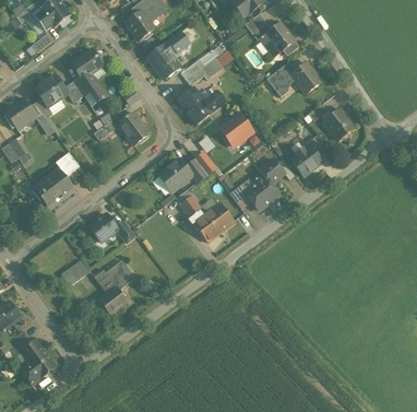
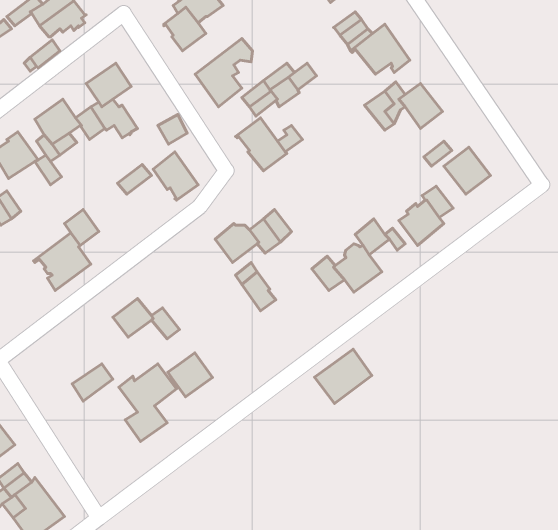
building: [221,114,253,145] -> none
building: [194,203,235,242] -> [314,349,372,404]
building: none -> [168,353,213,397]

